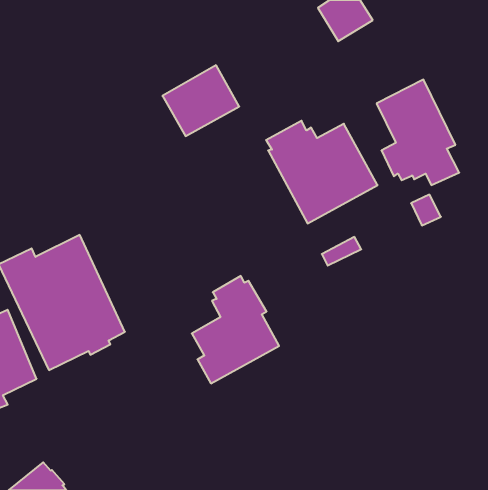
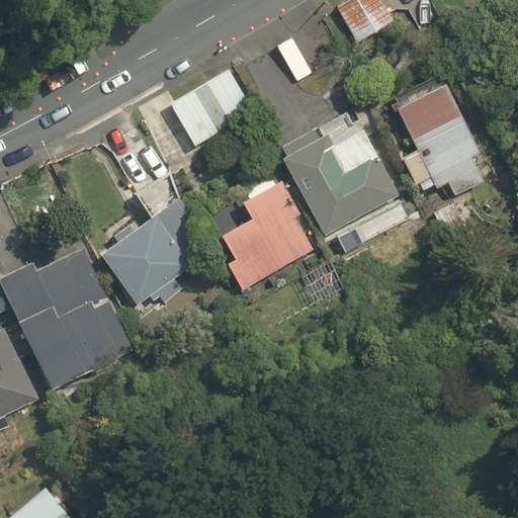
building: none -> [102,172,212,306]
building: [192,276,279,383] -> [222,176,314,289]

